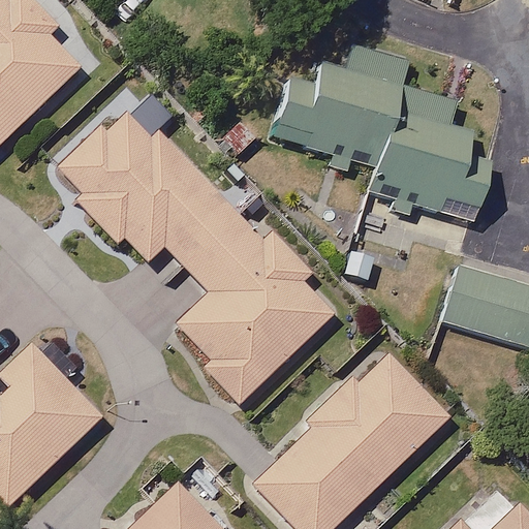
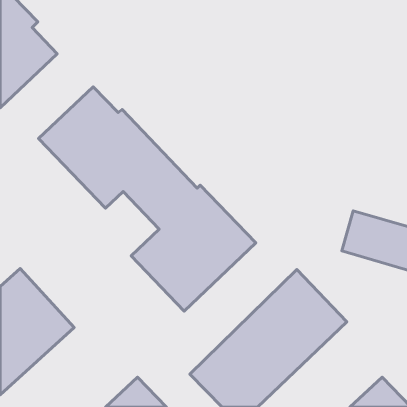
building: [273,45,489,219] -> none

